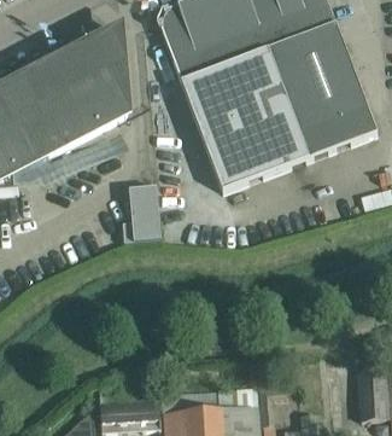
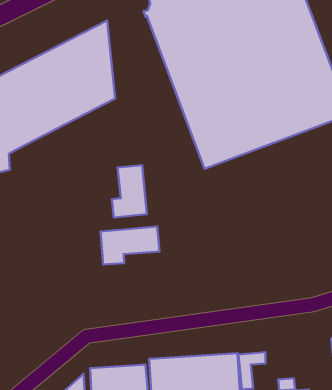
building: none -> [100,226,159,265]

